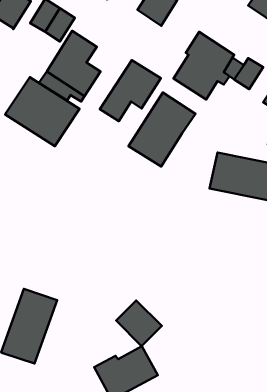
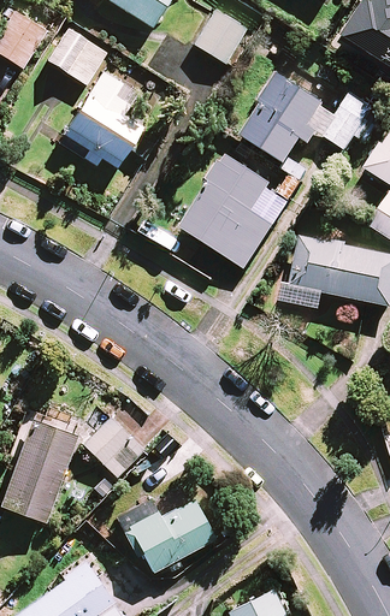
building: [100,60,161,121] -> none
building: [5,77,79,146] -> none
building: none -> [221,208,272,267]
building: [116,300,162,346] -> [84,417,147,480]

